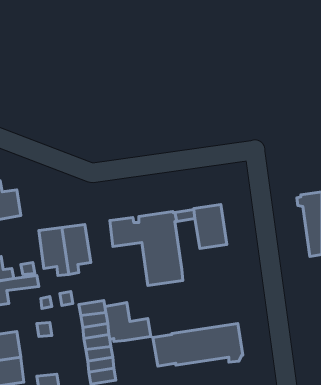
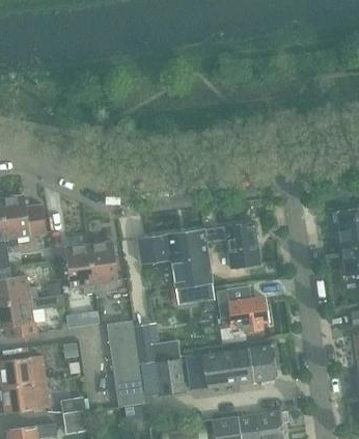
building: none -> [215,286,268,335]
building: none -> [154,358,185,395]

